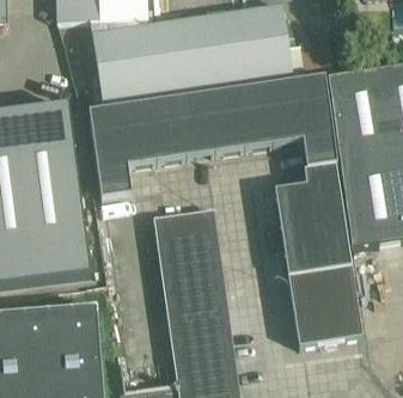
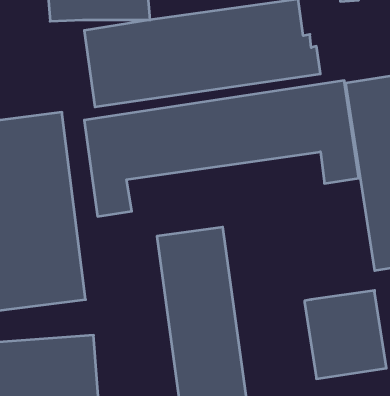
building: [274,164,352,275] -> none

